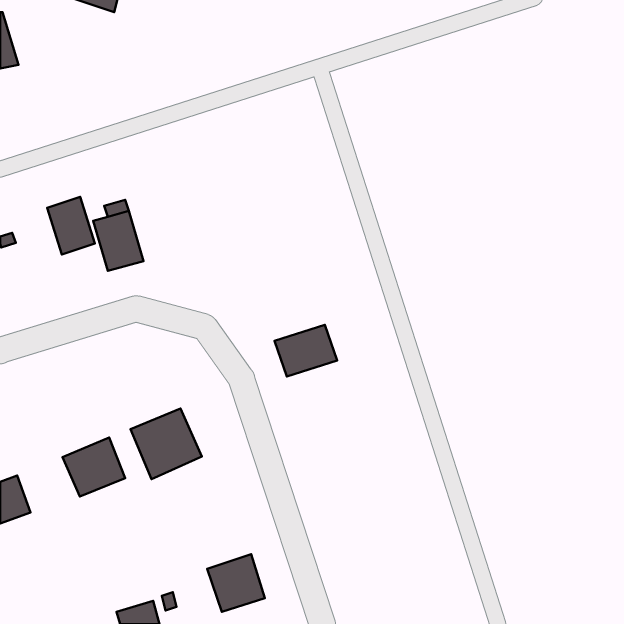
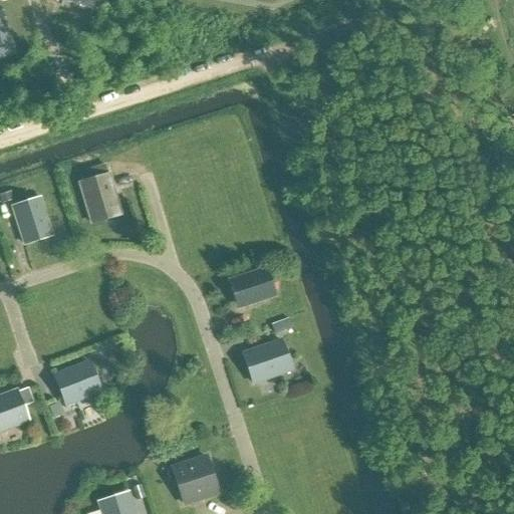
building: [47,197,95,255] -> [11,197,50,244]
building: [130,408,202,479] -> none
building: none -> [243,337,294,384]

